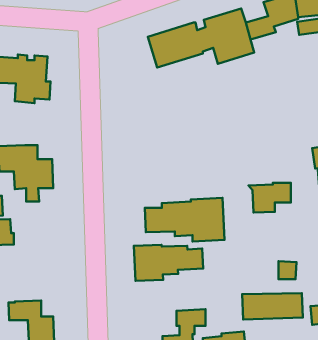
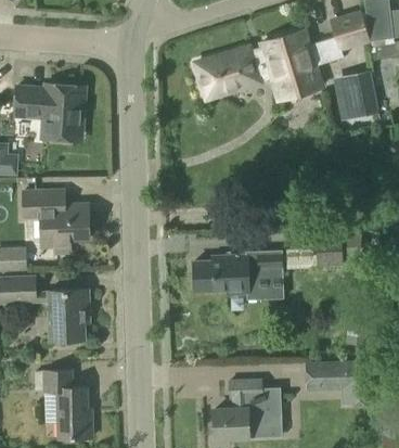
building: none -> [344,71,388,126]
building: none -> [40,290,89,341]
building: [134,245,203,281] -> none

